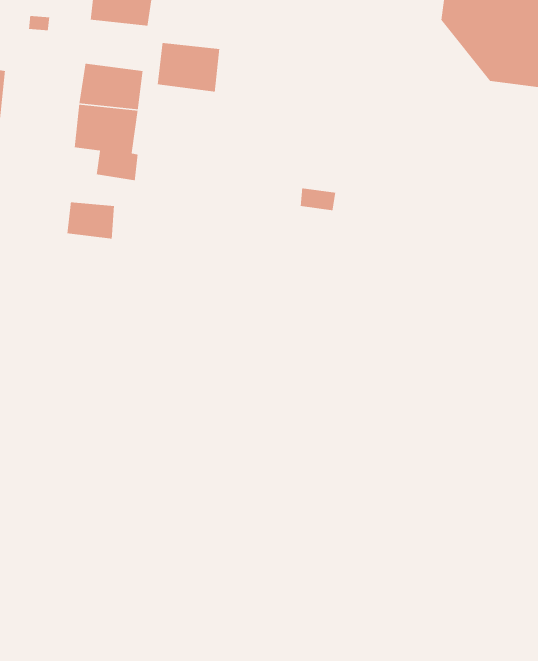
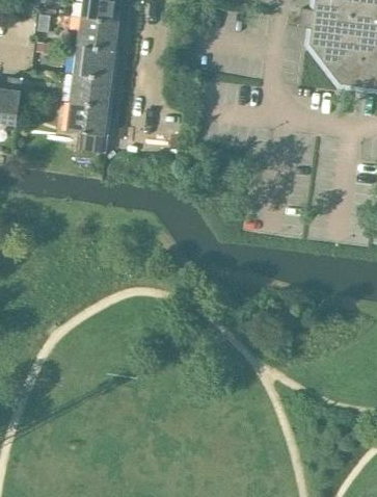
building: [157,42,220,93] -> [74,45,115,78]
building: [67,201,115,240] -> none

